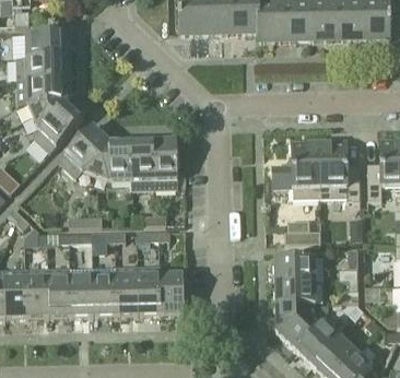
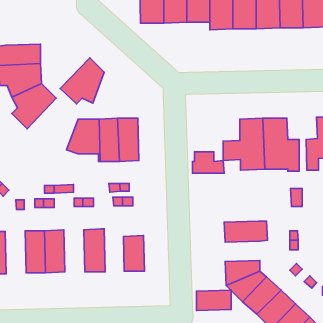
building: [24,34,64,58] -> none
building: [57,126,107,178] -> [60,58,104,104]
building: [284,221,320,245] -> [193,152,224,173]
building: [137,267,160,316] -> none
building: [91,268,115,316] -> none
building: [24,269,48,318] -> none
building: [274,281,314,304] -> [196,290,231,310]

